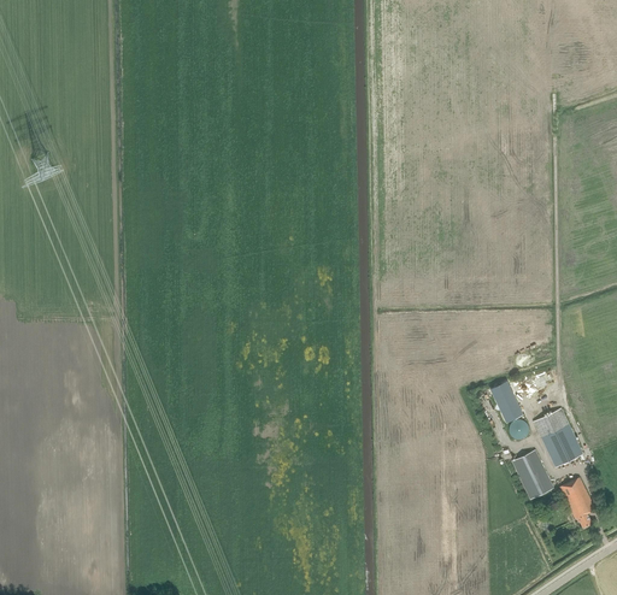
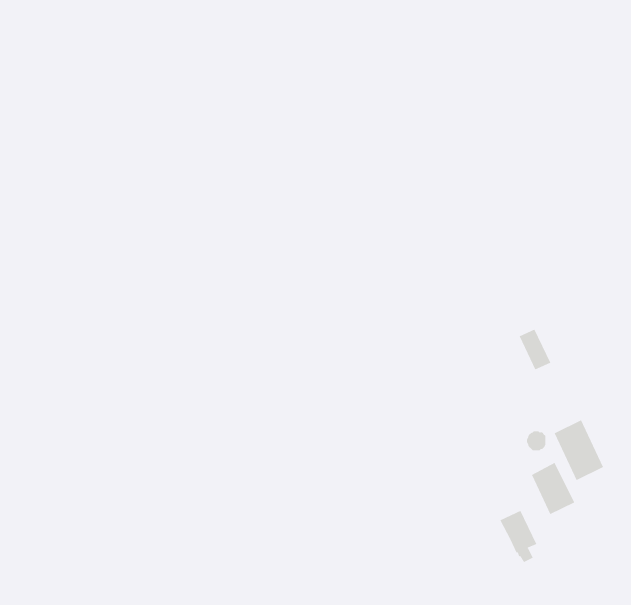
building: [490,382,522,422] -> [519,329,551,370]
building: [559,477,595,528] -> [500,510,537,563]

